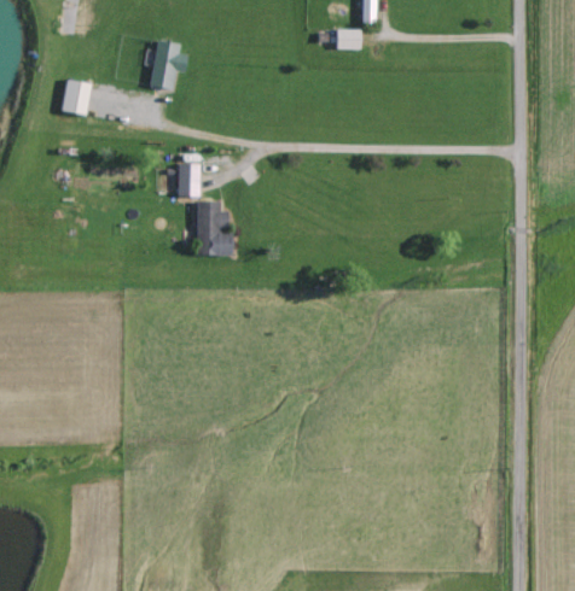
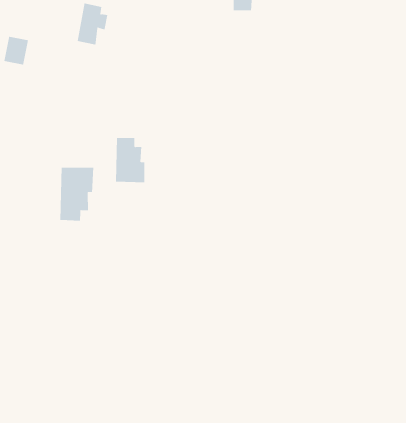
building: [178,164,199,197] -> none
building: none -> [60,167,94,222]

